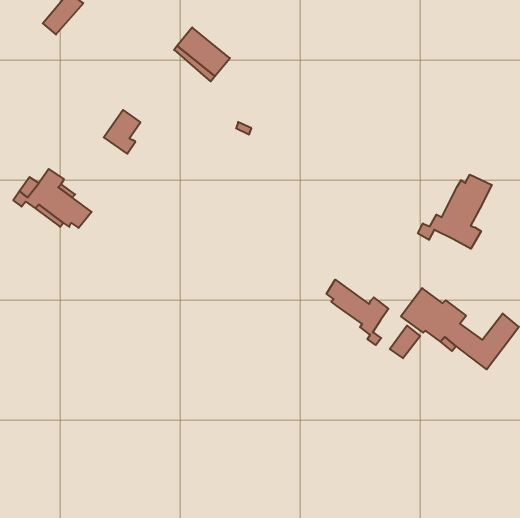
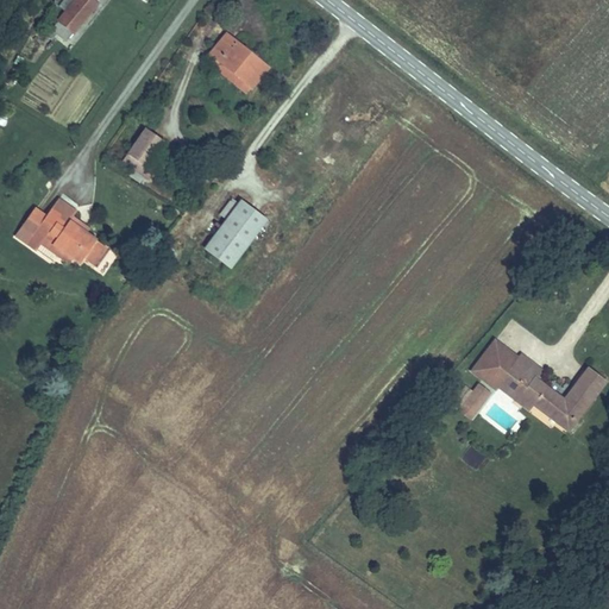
building: none -> [205,200,266,266]
building: [418,175,492,249] -> none
building: [327,280,388,345] -> none

